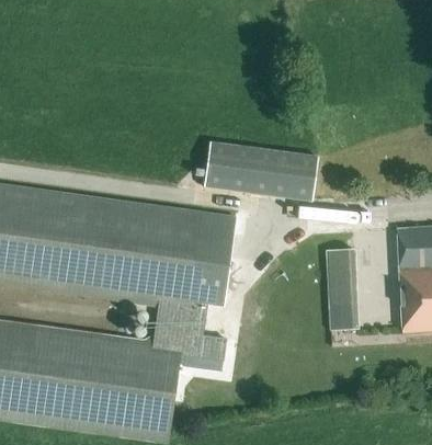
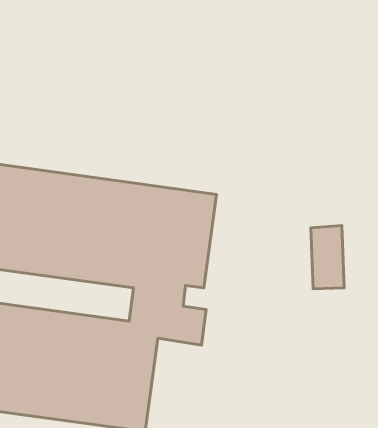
building: [203,142,318,201] -> none
building: [328,306,359,330] -> none

